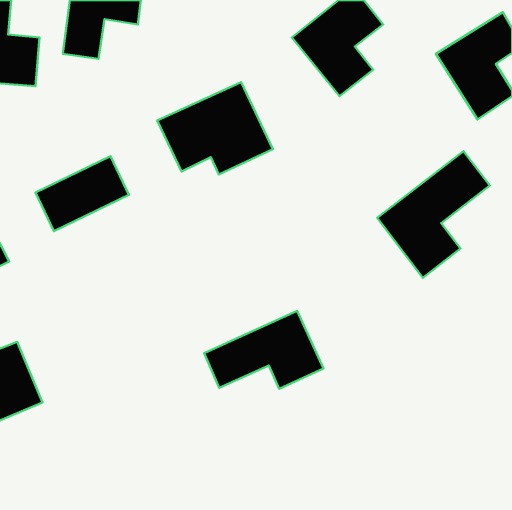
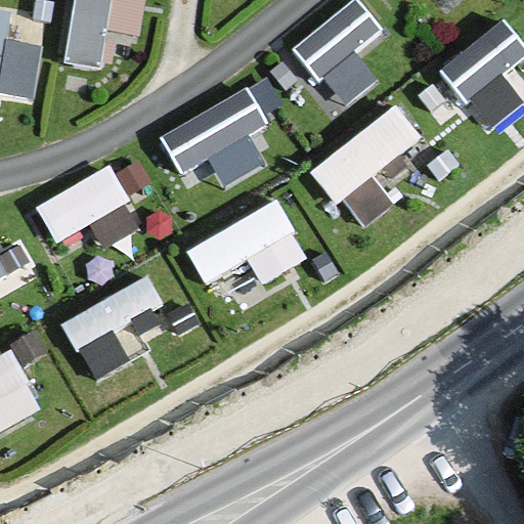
building: [377,151,490,278] -> [311,102,425,230]
building: none -> [62,279,163,380]
building: [204,311,324,389] -> [185,202,306,280]

